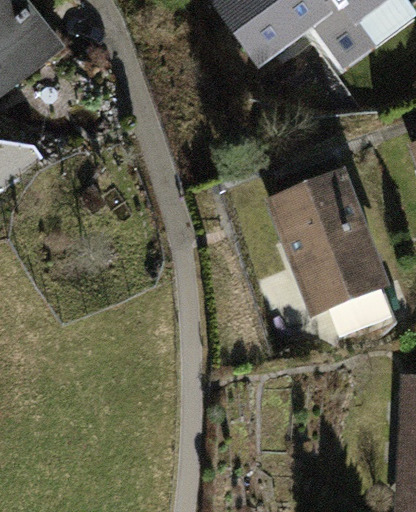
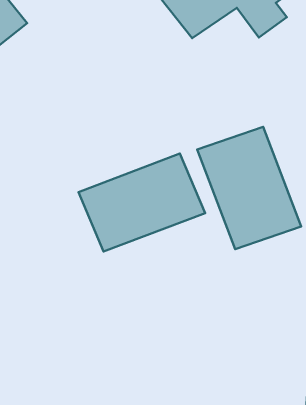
building: none -> [78,153,205,252]

